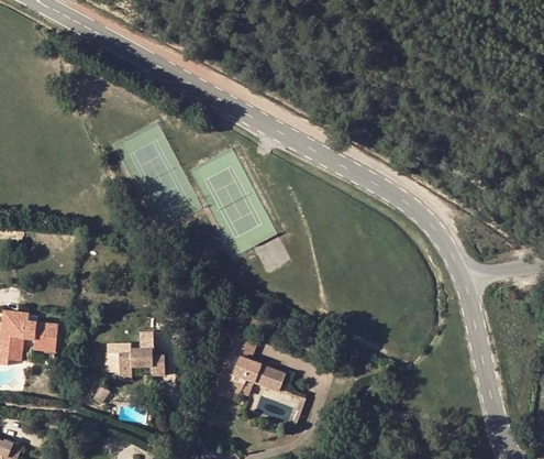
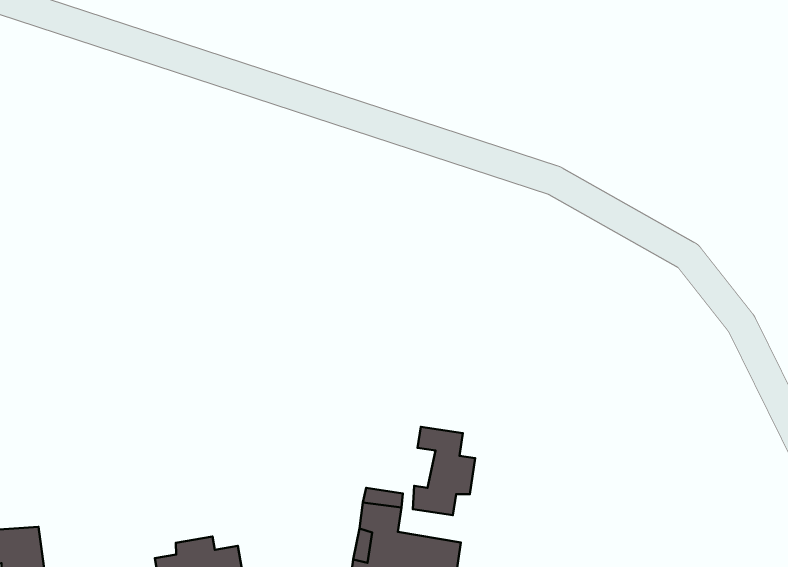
building: none -> [413,427,475,515]

